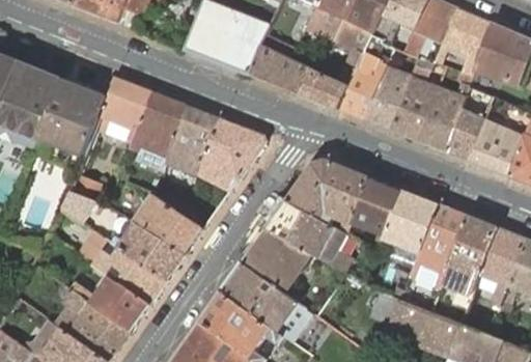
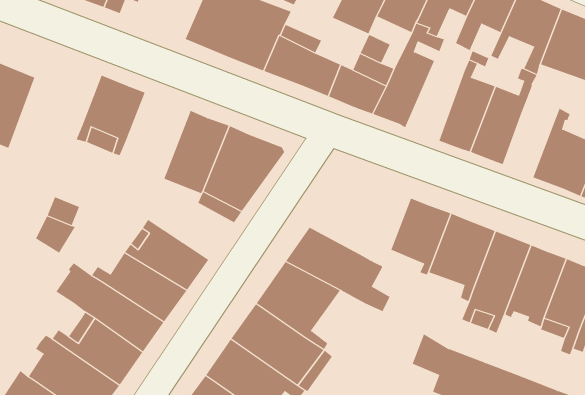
building: [365,65,413,131] -> none
building: [40,79,108,155] -> none
building: [130,91,189,164] -> none
building: [445,108,485,161] -> none
building: [286,160,369,233] -> none

